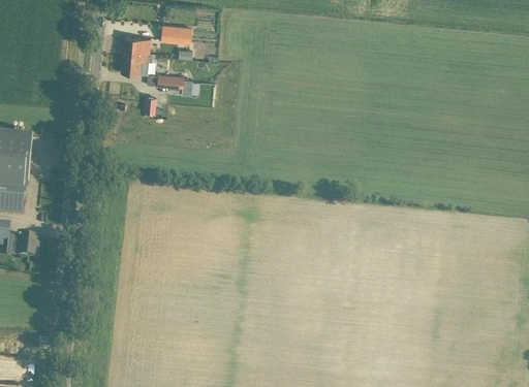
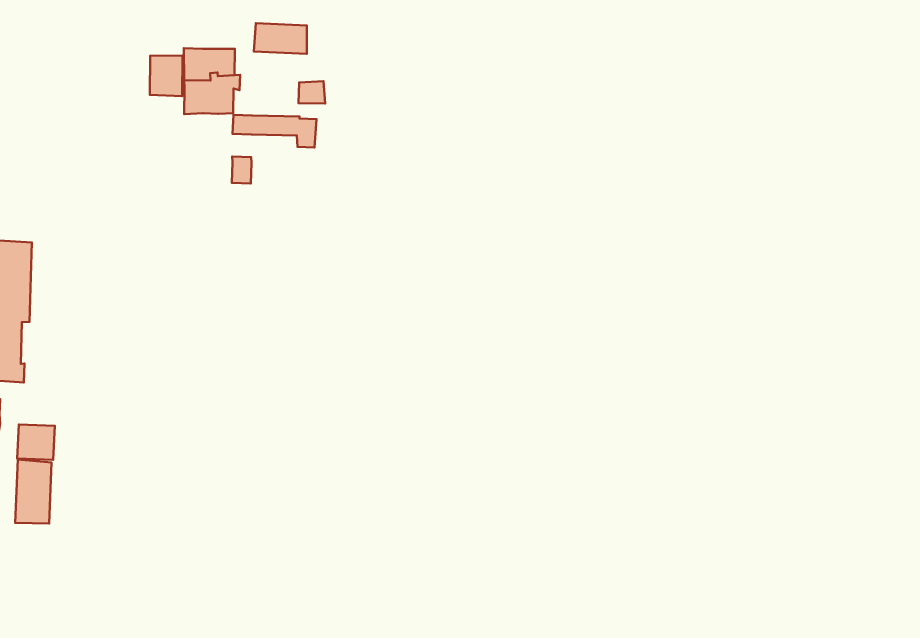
building: none -> [150,56,183,96]
building: none -> [15,460,52,523]

